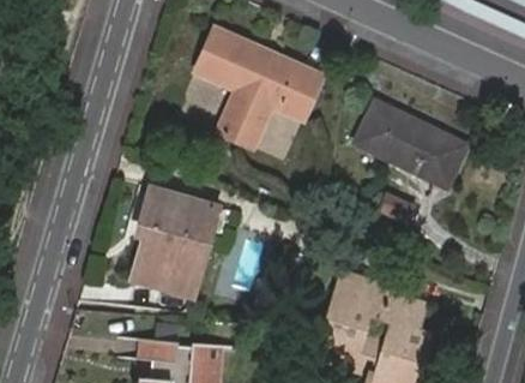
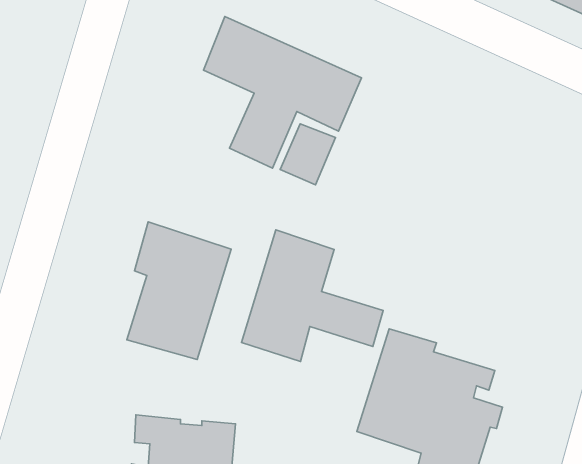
building: [356,101,467,185] -> none
building: none -> [241,230,383,361]

